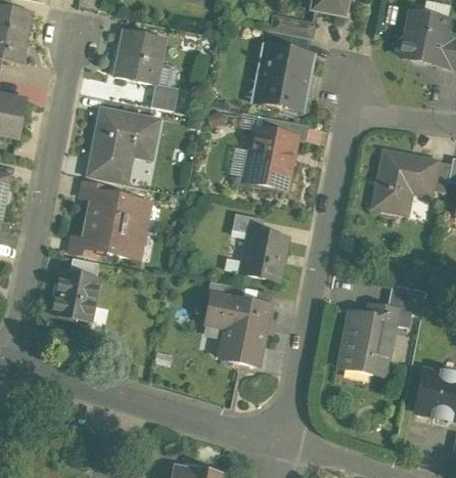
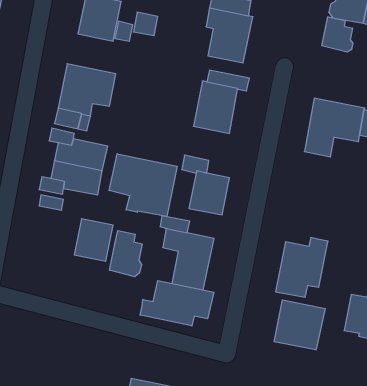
building: none -> [322,17,353,52]
building: [150,84,178,111] -> [133,12,158,36]
building: none -> [109,154,177,217]
building: [54,272,98,320] -> [74,219,113,261]
building: [386,284,427,316] -> none
building: none -> [109,231,142,277]
building: none -> [140,281,214,326]
building: none -> [274,300,325,350]

